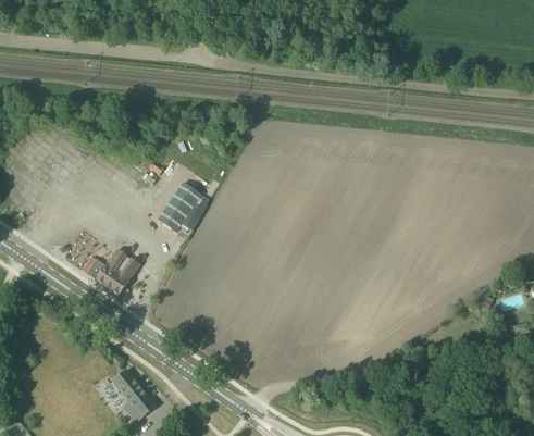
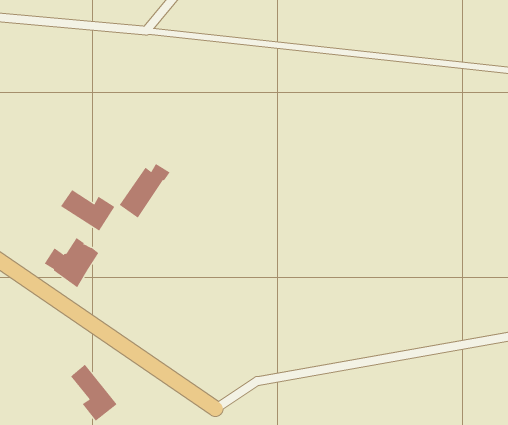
building: none -> [60,189,115,232]

